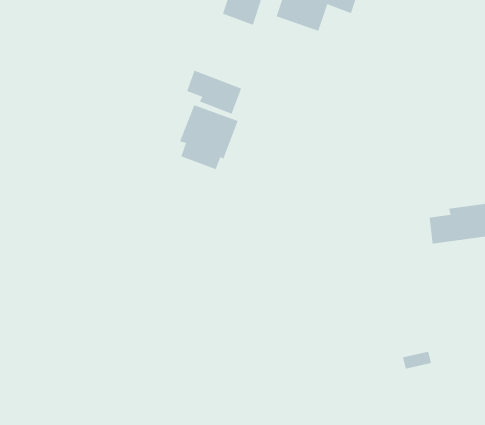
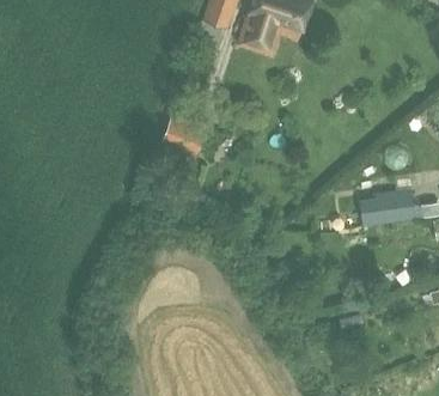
building: [186,70,242,114] -> none

